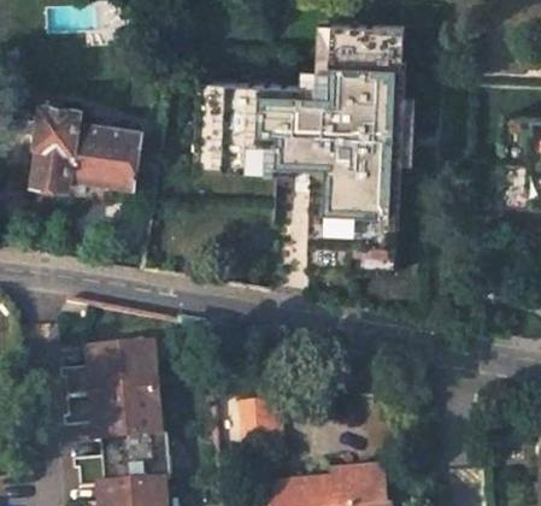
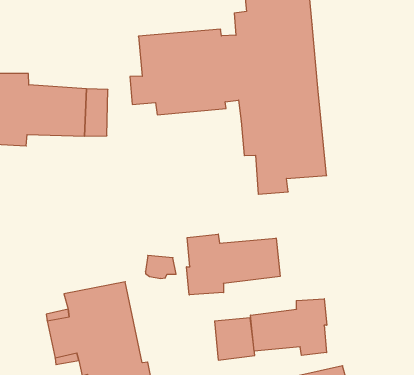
building: none -> [187,234,280,295]
building: none -> [251,299,327,355]

